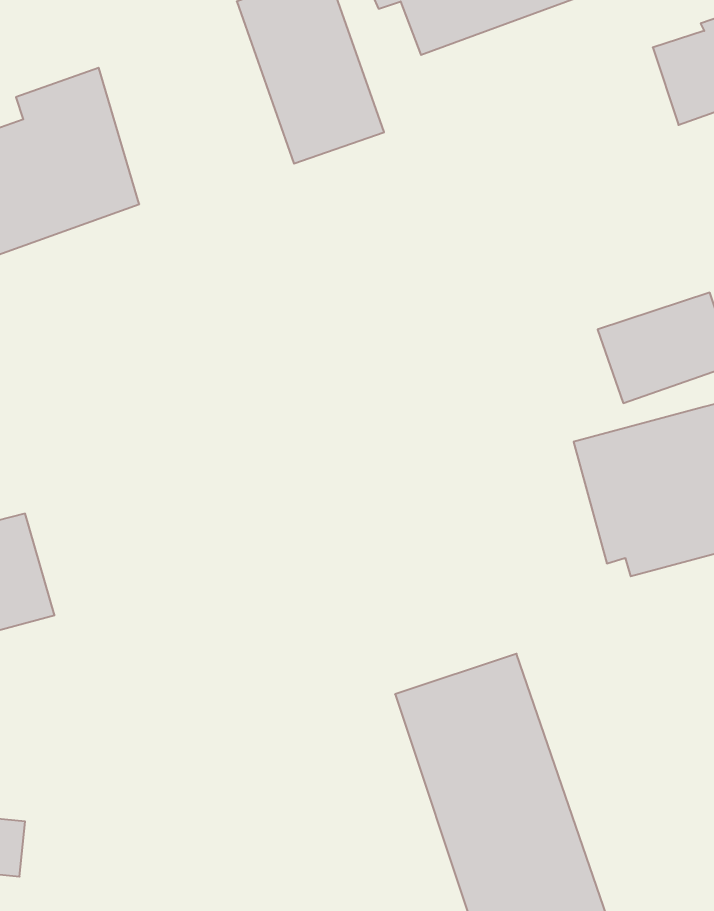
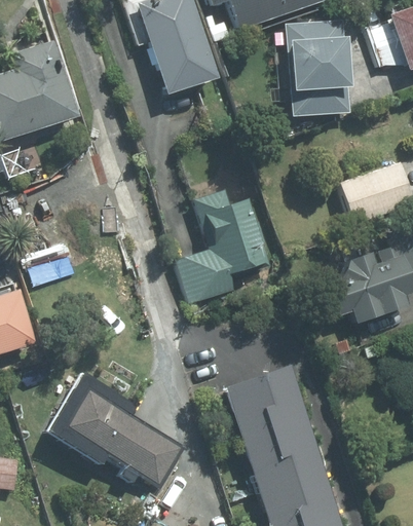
building: none -> [288,20,352,114]
building: none -> [177,191,269,304]
building: none -> [48,371,184,487]

